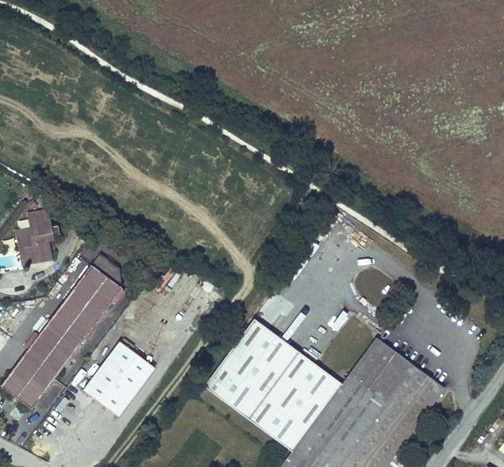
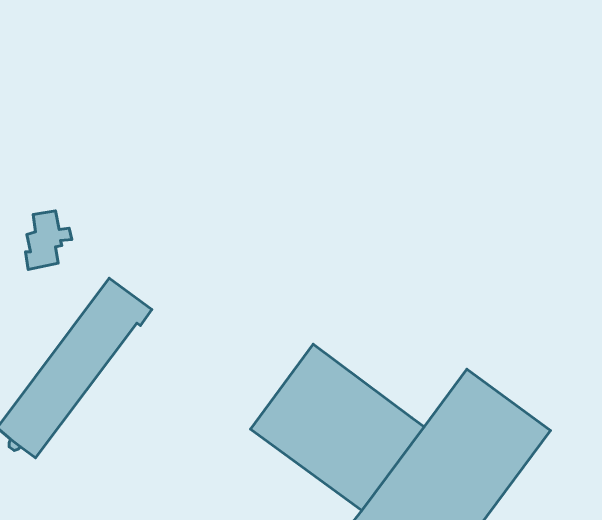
building: [16,231,51,265] -> none
building: [83,342,155,418] -> none

